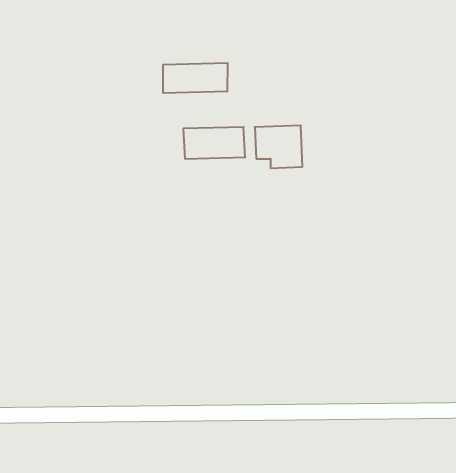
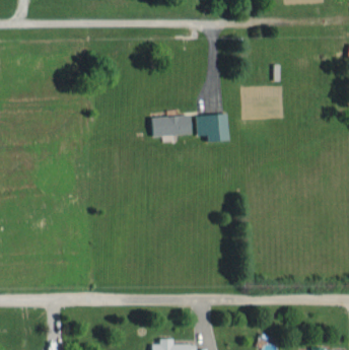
building: [163,63,227,93] -> none

